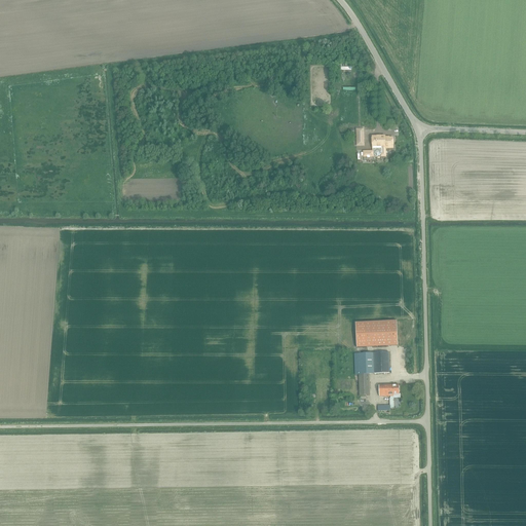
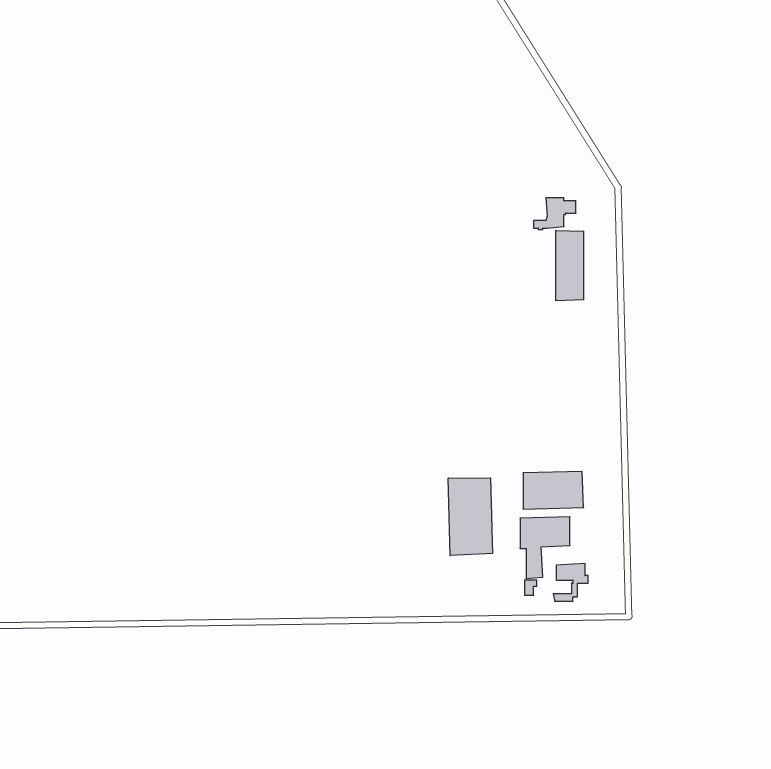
building: none -> [556,230,584,301]
building: none -> [448,478,492,556]

